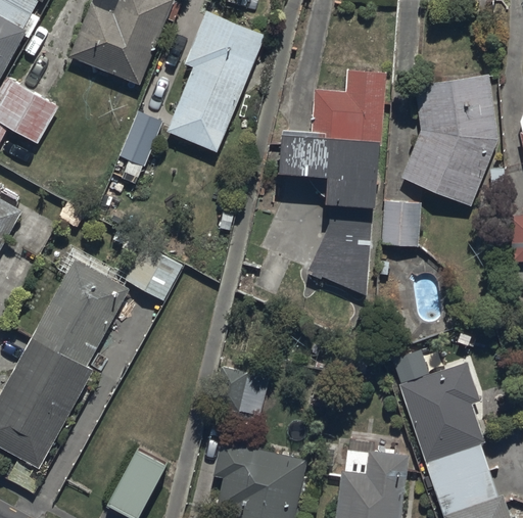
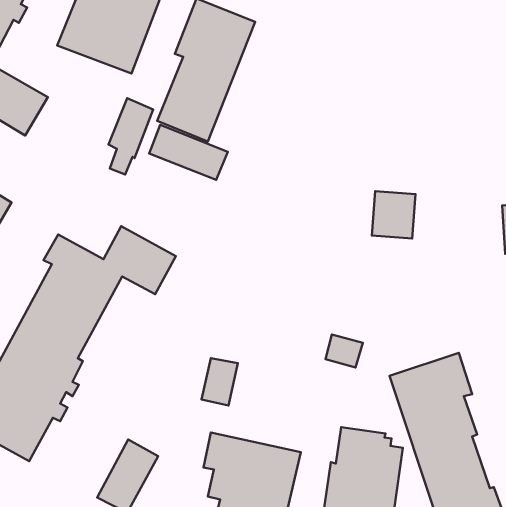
building: [284,70,384,295] -> none
building: [399,74,496,207] -> none
building: none -> [149,125,228,180]

